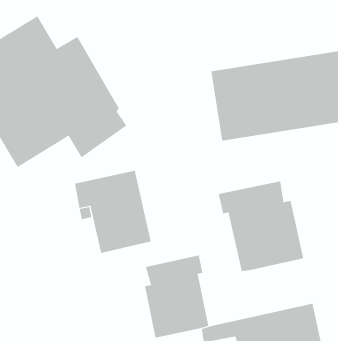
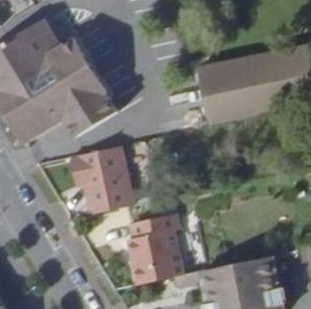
building: [218,181,304,272] -> none

